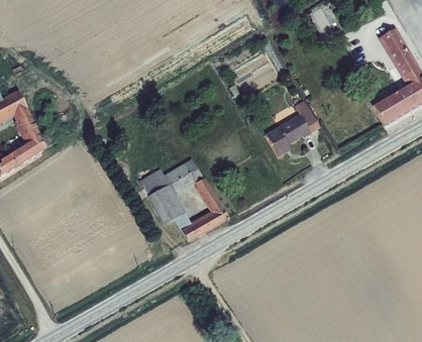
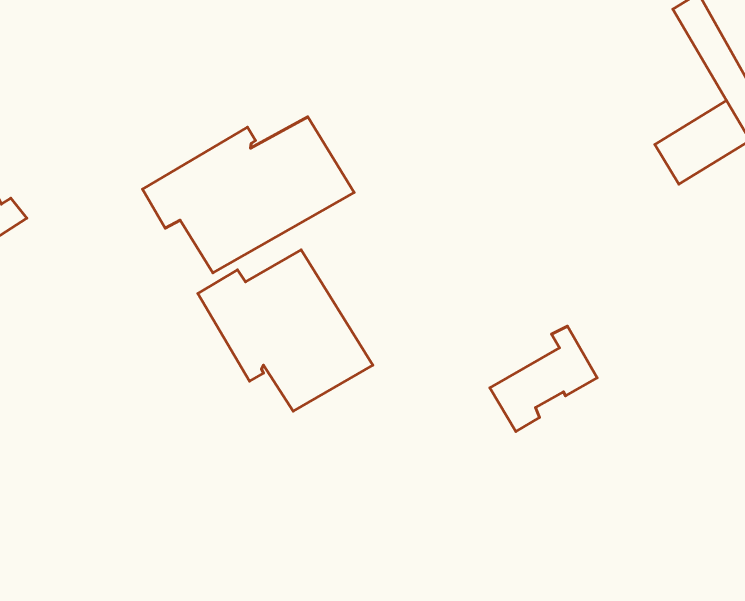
building: none -> [143,117,354,273]
building: [265,102,319,155] -> [490,326,597,432]

